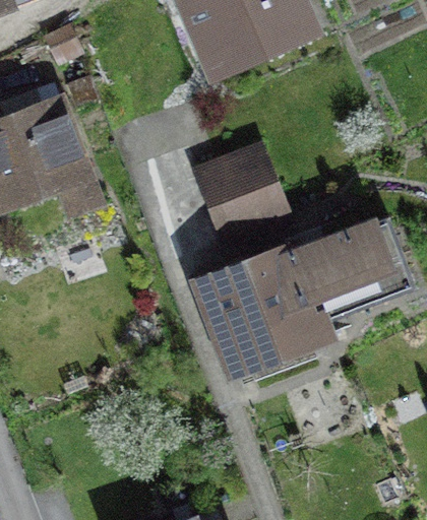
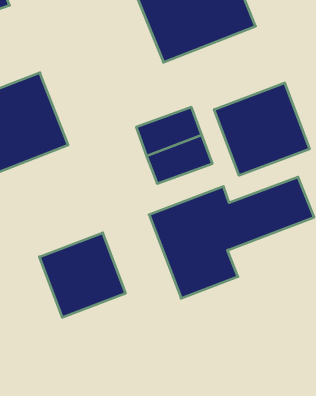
building: none -> [214,83,309,175]
building: none -> [39,233,125,317]

